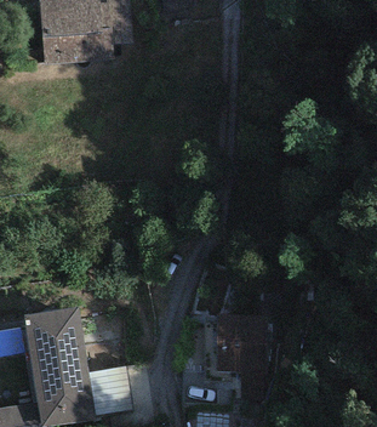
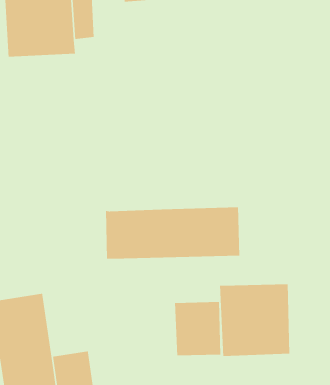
building: none -> [105,206,240,259]
building: none -> [219,283,290,357]

